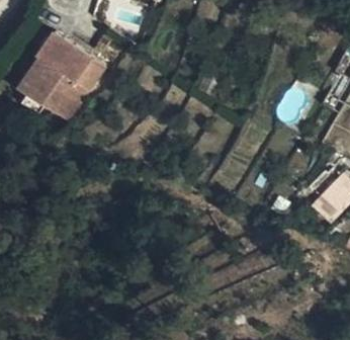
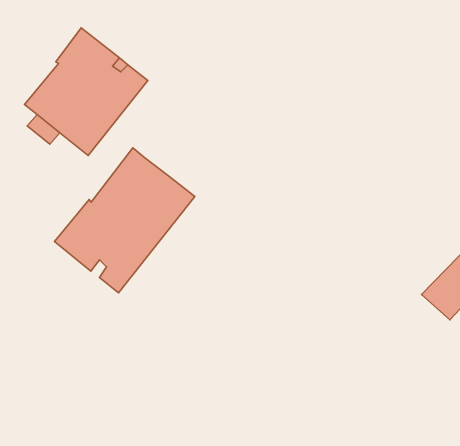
building: none -> [55,148,195,293]

